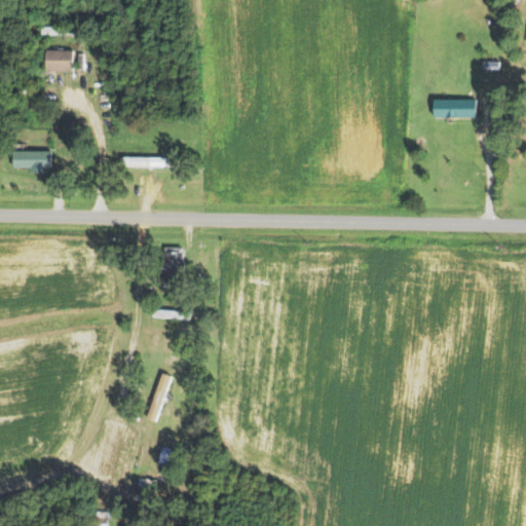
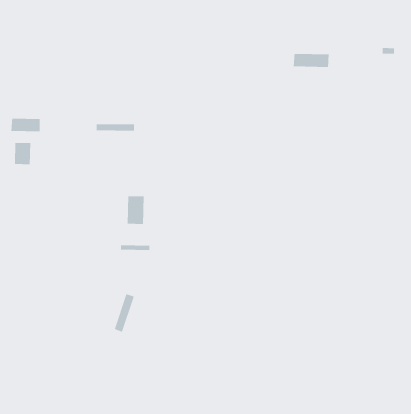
building: [46,49,74,71] -> none
building: [431,100,478,118] -> [293,53,329,68]
building: none -> [14,142,31,165]

